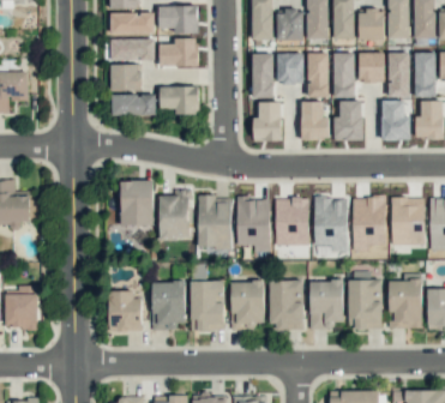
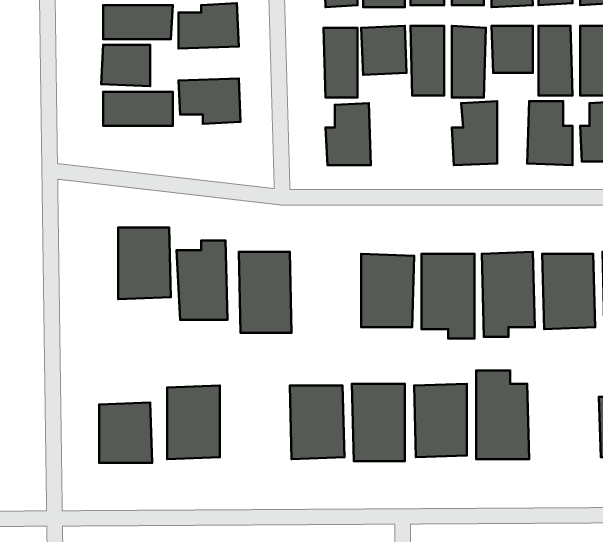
building: [301,102,330,140] -> none
building: [236,198,270,252] -> none
building: [191,281,224,331] -> none
building: [389,281,422,329] -> none

